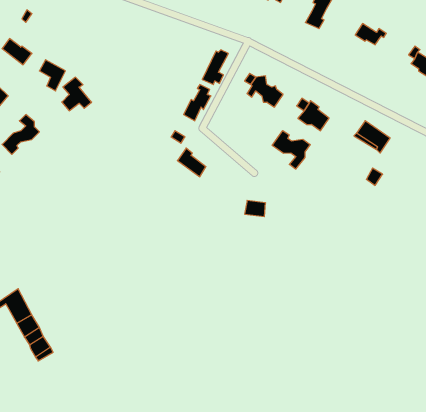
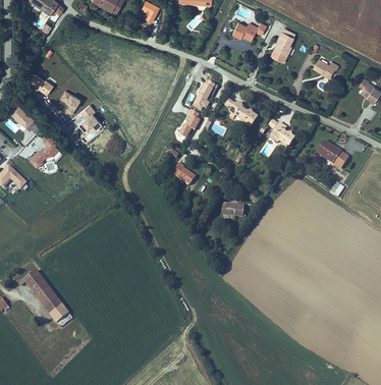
building: [272,131,310,169] -> none

